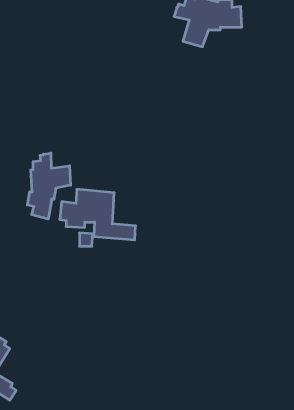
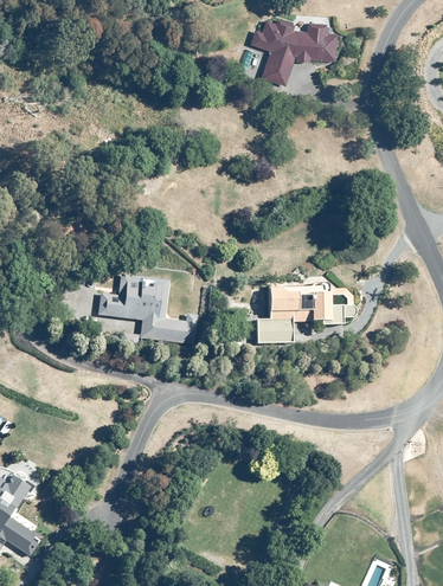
building: [27,153,71,219] -> none
building: none -> [256,284,354,343]

